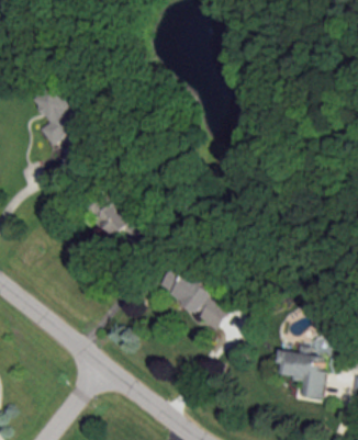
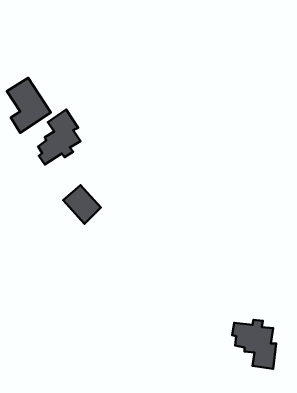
building: none -> [38,110,80,164]
building: [157,263,232,329] -> none

